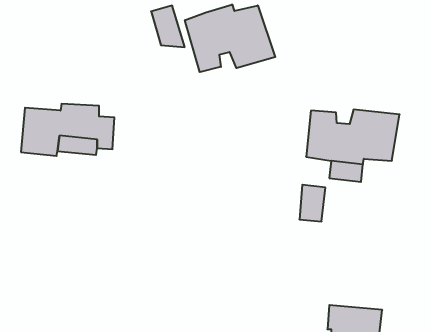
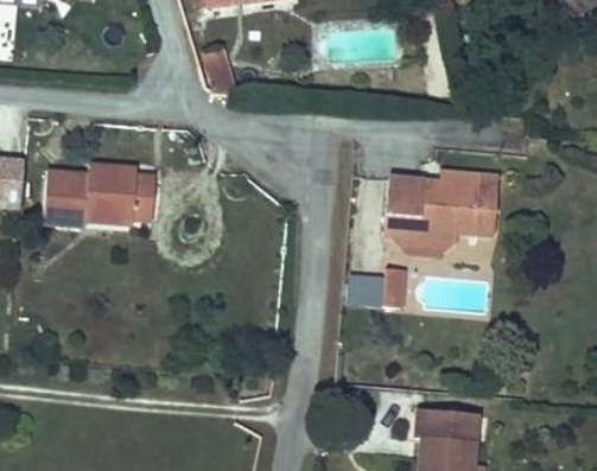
building: [185,4,275,72] -> none

